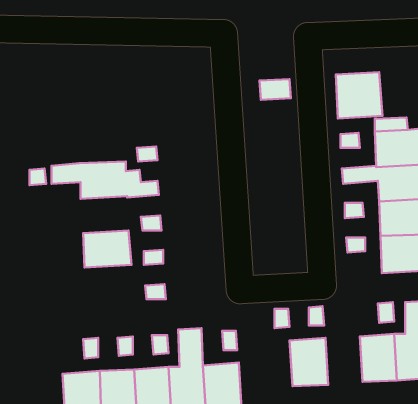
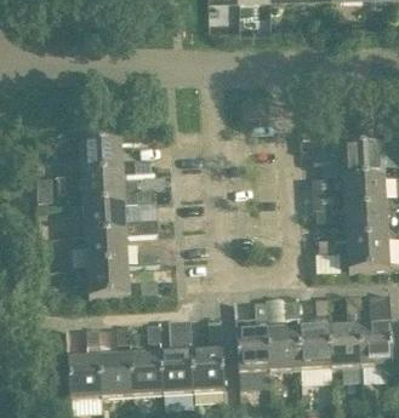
building: [336,72,382,118] -> none
building: none -> [80,142,122,176]
building: none -> [82,205,125,237]
building: none -> [86,265,129,299]
building: none -> [298,300,331,371]
building: none -> [235,332,269,374]

